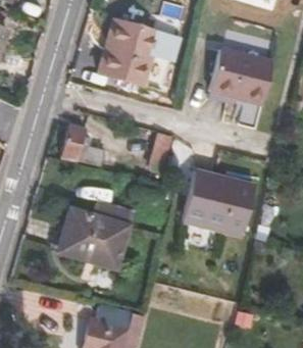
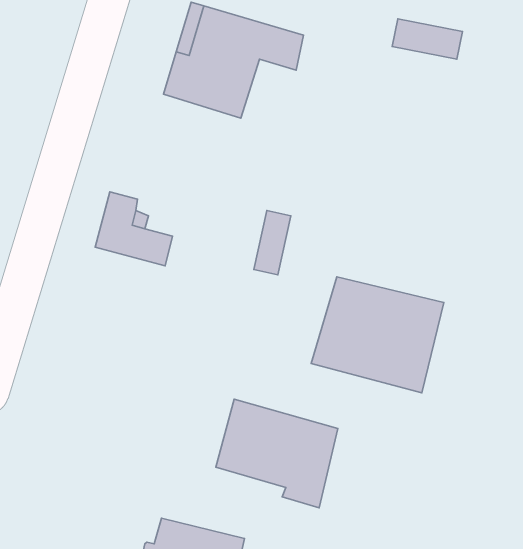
building: [208,50,271,104] -> none
building: [58,210,125,270] -> [216,399,338,508]

